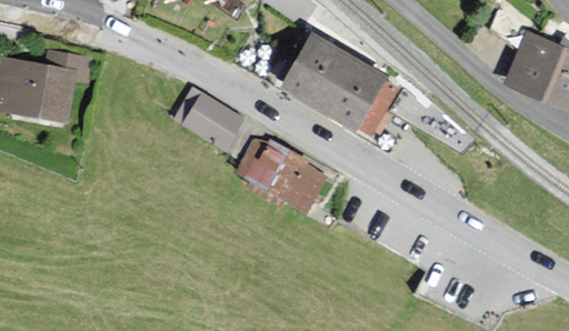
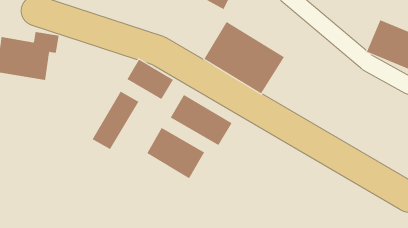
building: none -> [92,91,139,150]
building: none -> [147,127,205,179]

